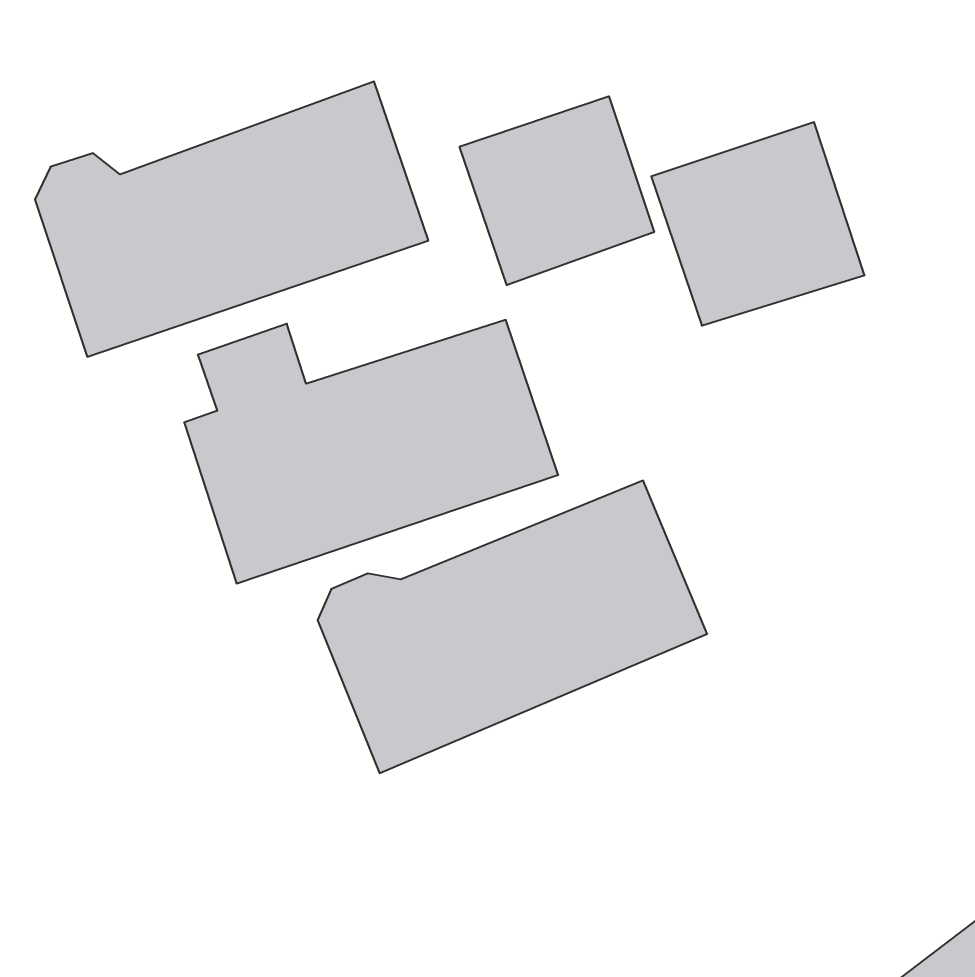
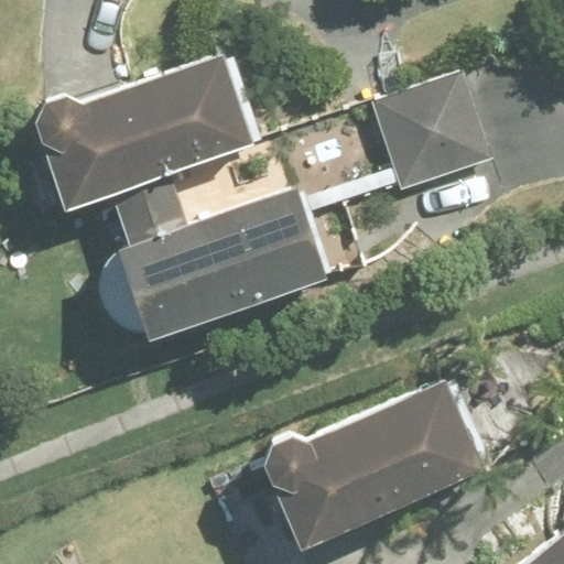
building: [460,96,654,285] -> none
building: [318,481,707,773] -> [260,384,481,551]

